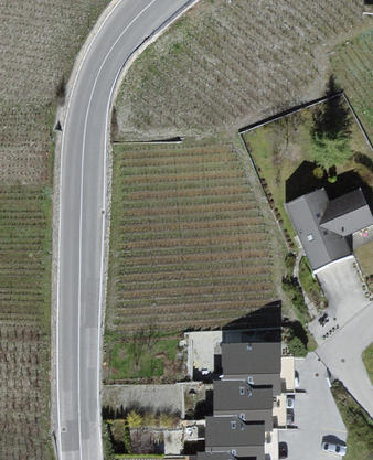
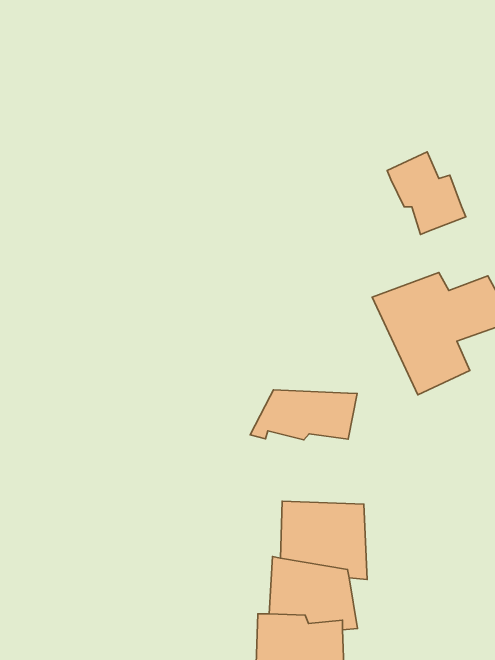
building: none -> [387,152,466,235]
building: none -> [250,390,357,440]

